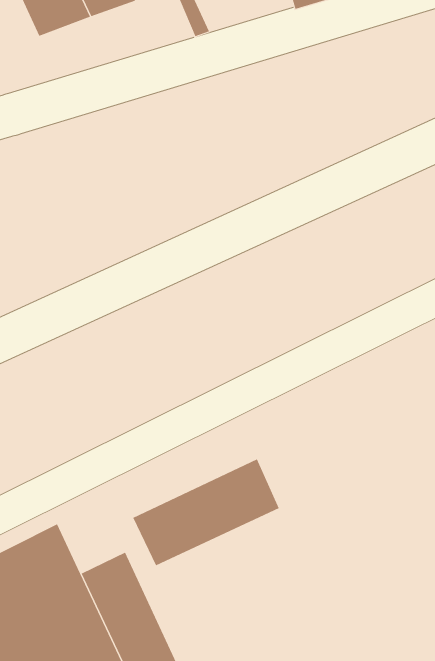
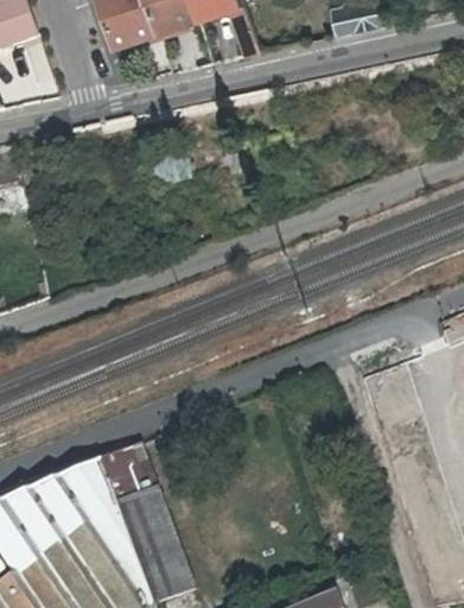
building: [132,459,280,566] -> none
building: none -> [98,442,154,502]

